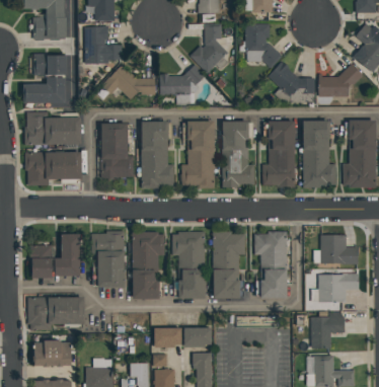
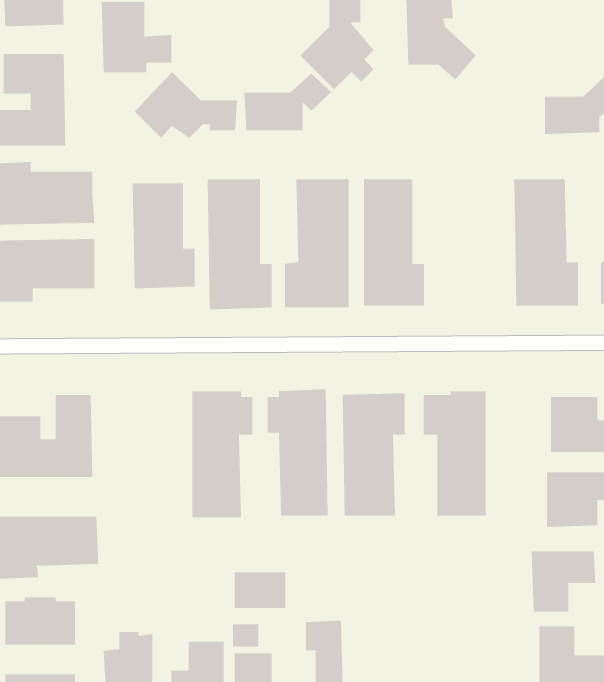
building: [268,62,315,103] -> none
building: [263,121,295,186] -> none
building: [91,231,125,287] -> none
building: [184,327,212,346] -> none

